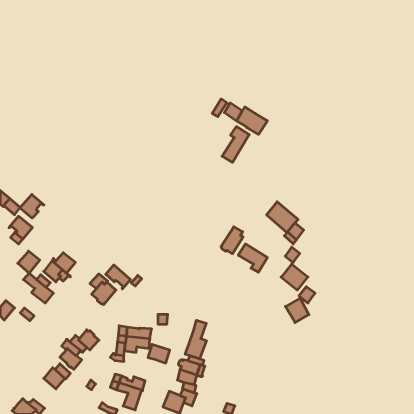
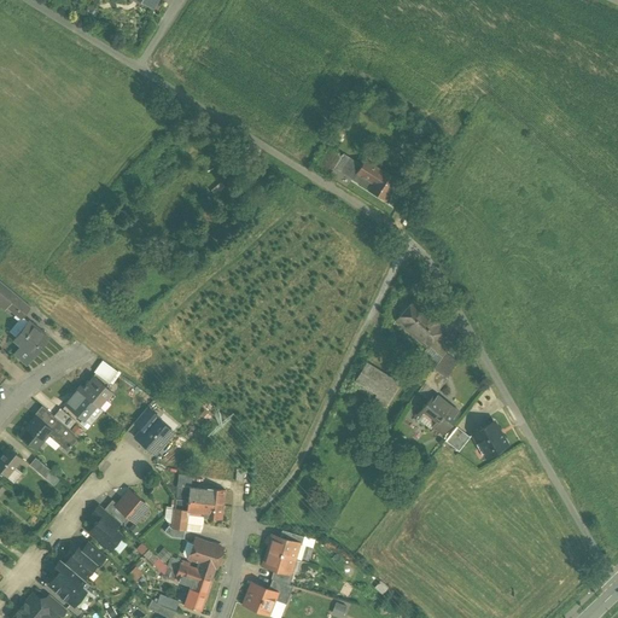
building: [222,127,249,162] -> none
building: [20,194,44,218] -> none
building: [221,227,243,254] -> none
building: [18,251,40,273] -> [19,416,52,449]
building: [106,265,130,289] -> none
building: [285,298,309,323] -> [472,421,507,457]
building: [185,320,206,359] -> none
building: [148,344,170,363] -> [190,540,222,567]
building: none -> [43,565,87,606]

